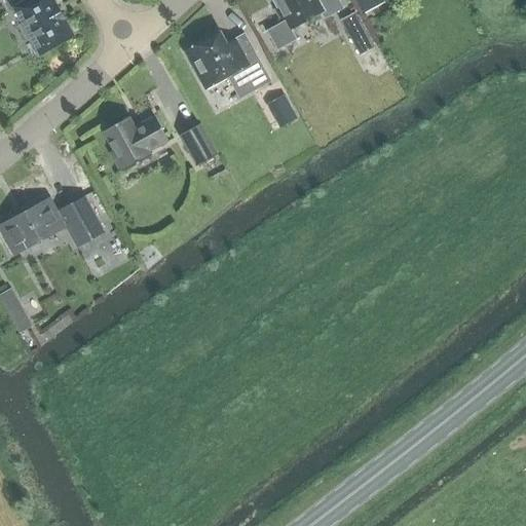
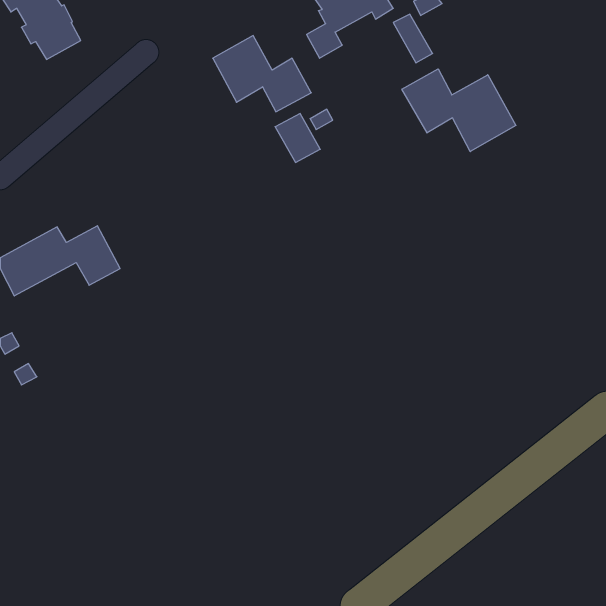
building: none -> [402,69,516,152]
building: [103,115,168,170] -> none
building: [179,123,218,165] -> [275,114,320,162]

